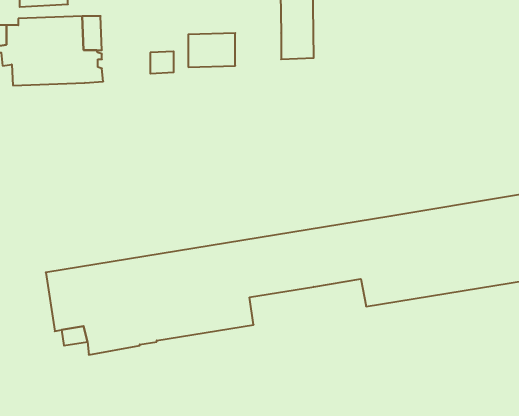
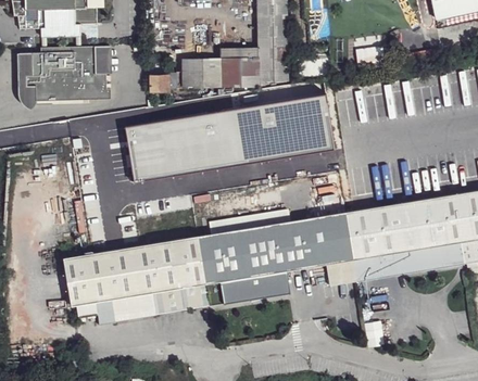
building: none -> [221,59,259,86]
building: none -> [125,96,332,181]
building: none -> [232,269,289,301]

